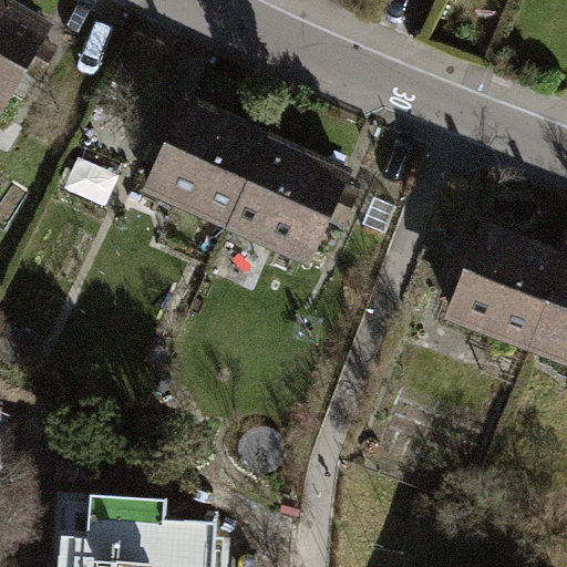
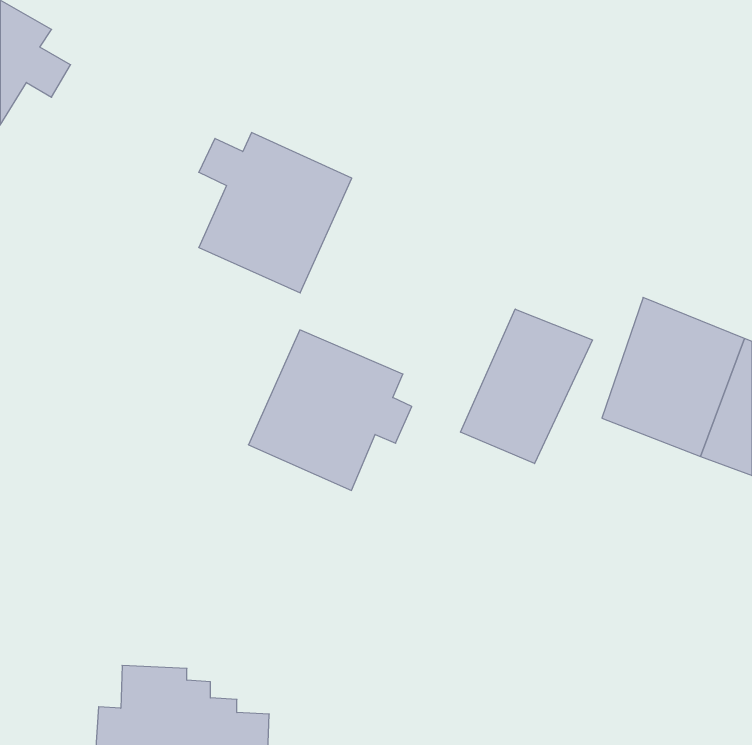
building: [226,140,349,260] -> [248,330,412,490]
building: none -> [461,309,593,464]

